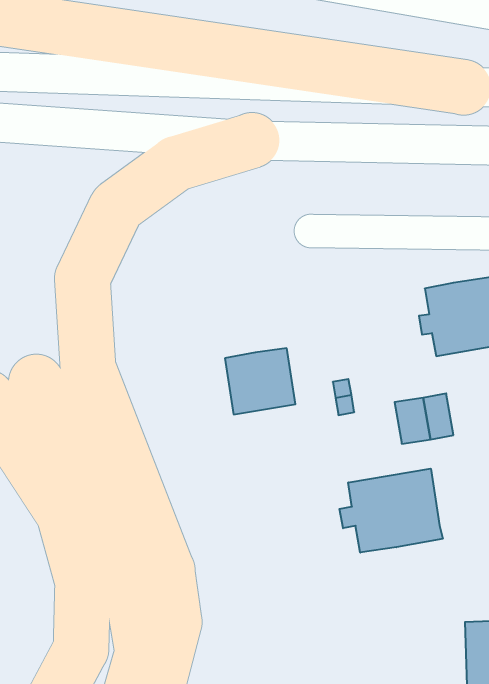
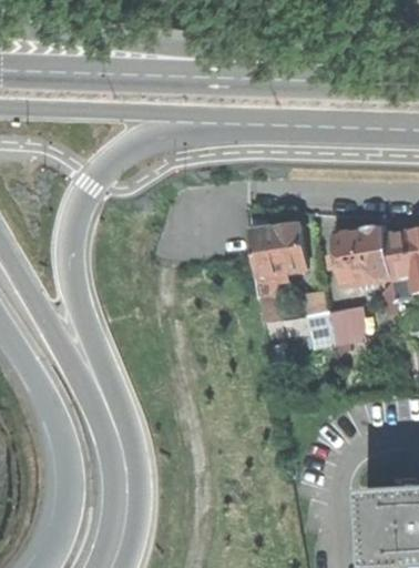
building: [225,348,295,414] -> [252,232,306,283]
building: [339,469,443,553] -> none

